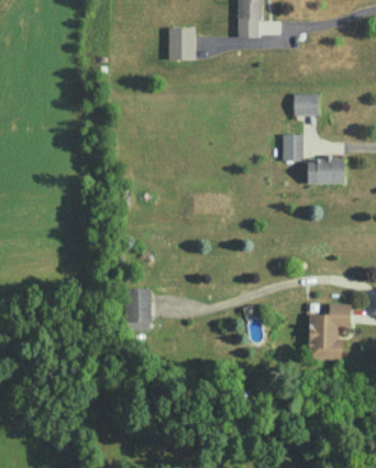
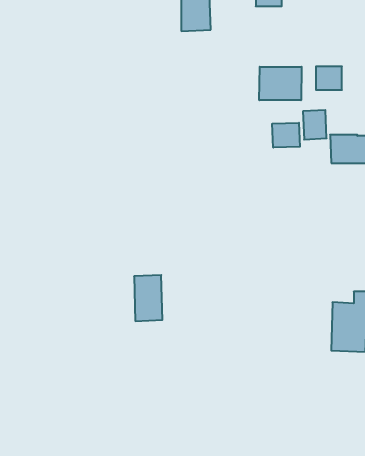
building: none -> [259,67,302,100]
building: none -> [272,123,300,148]

